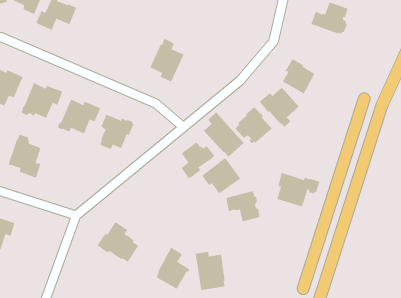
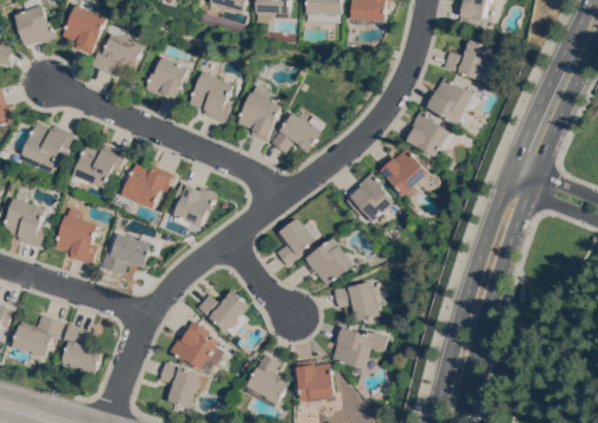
building: none -> [144,56,187,97]
building: none -> [187,71,233,122]
building: none -> [422,77,478,124]
building: none -> [271,112,322,153]
building: [203,112,245,157] -> none
building: none -> [101,229,163,274]
building: [277,172,320,207] -> [331,324,387,370]
building: none -> [197,289,250,336]
building: none -> [63,323,103,378]
building: none -> [159,362,199,409]

